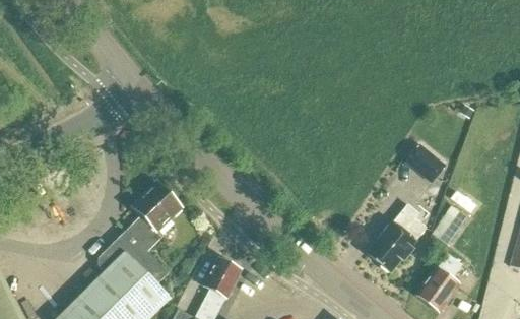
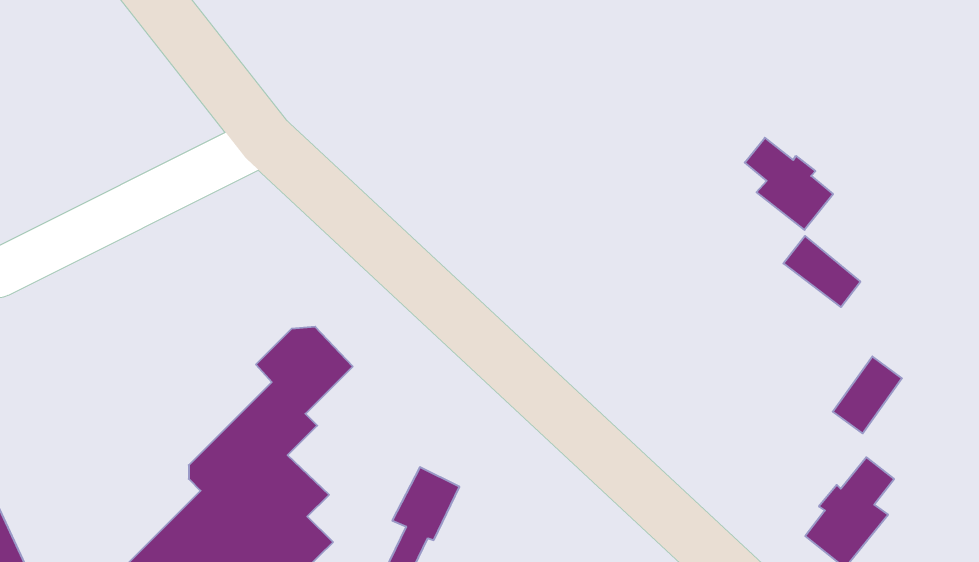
building: none -> [745,138,833,230]
building: [368,205,426,272] -> none

